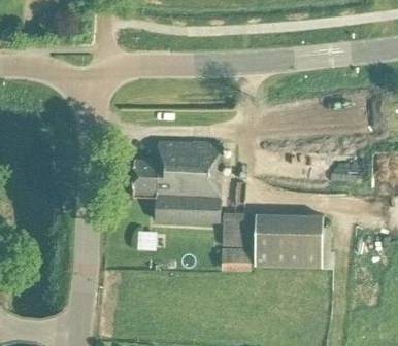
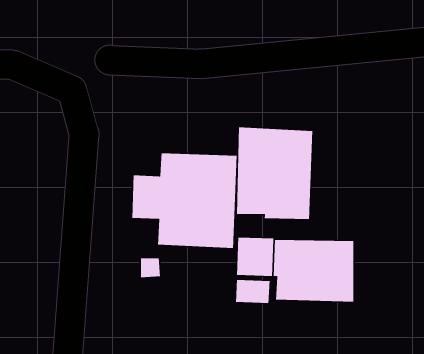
building: none -> [236,127,313,220]

